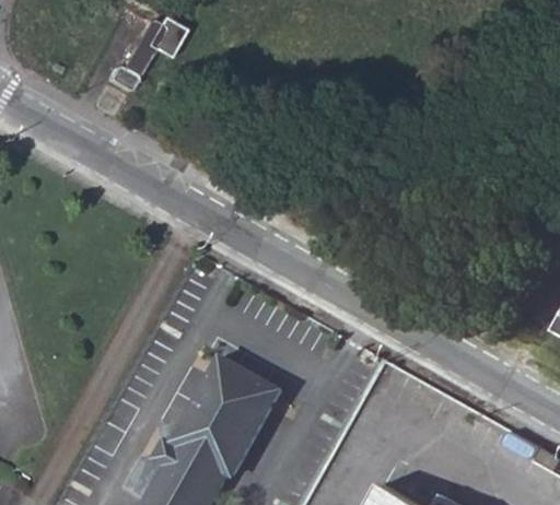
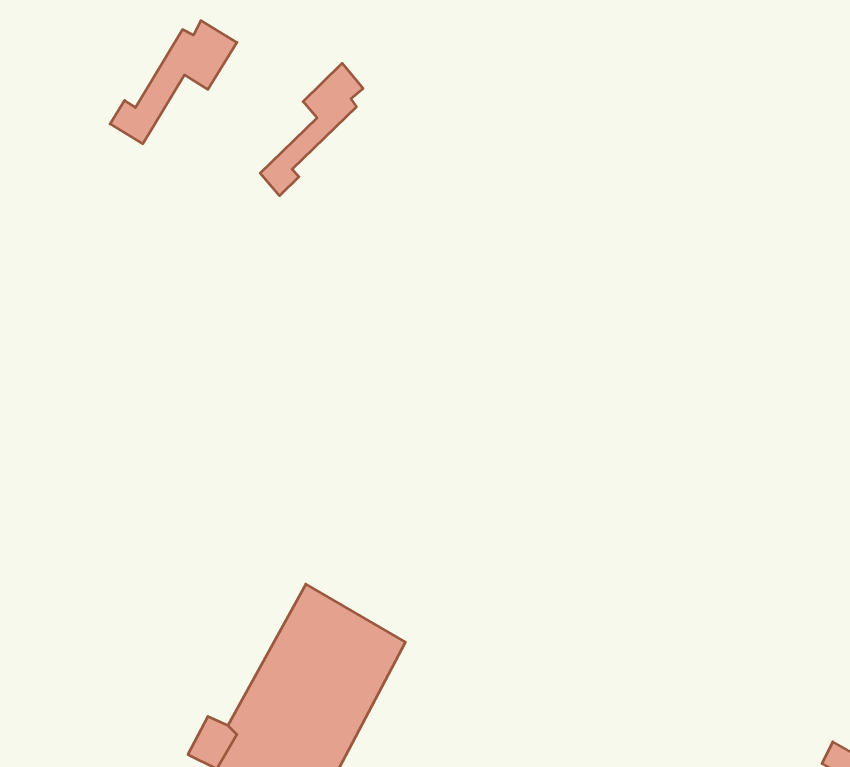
building: none -> [260,63,363,196]

